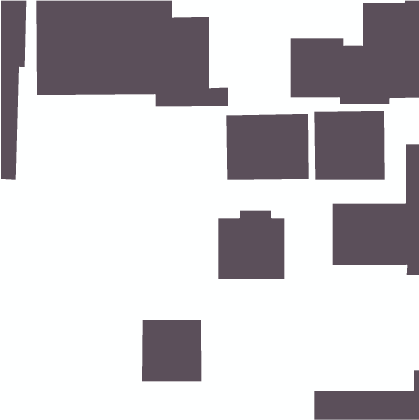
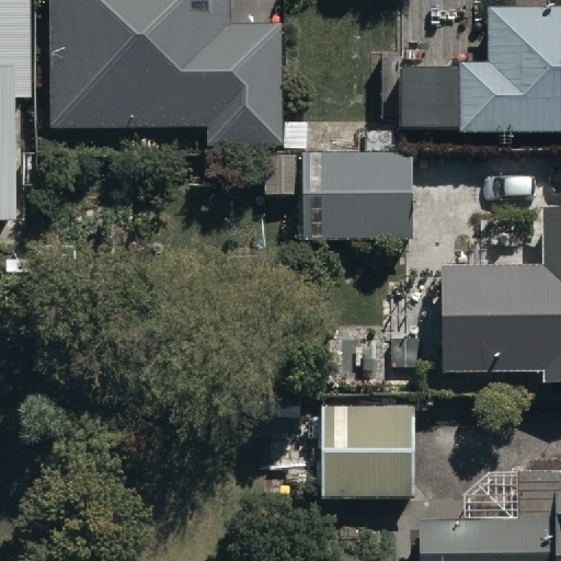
building: [314,110,385,181] -> none
building: [218,210,285,279] -> [320,400,410,492]
building: [142,319,202,382] -> none

